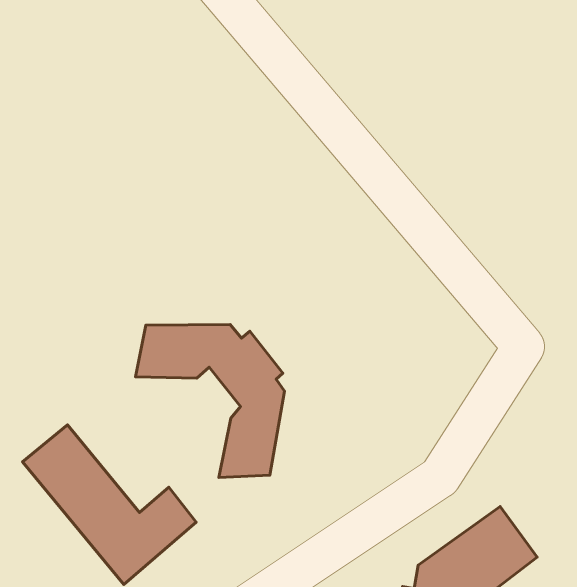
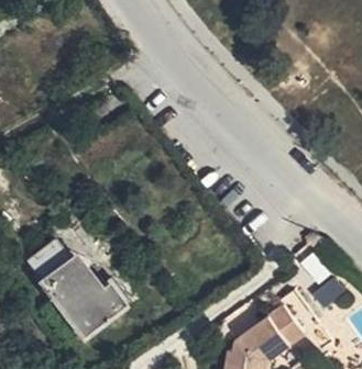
building: [136,324,285,478] -> none

